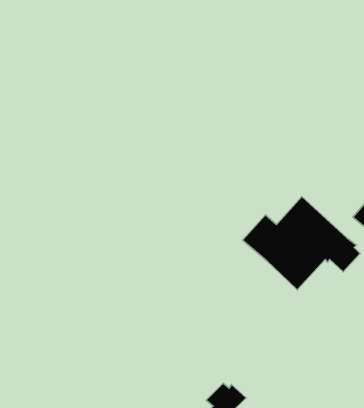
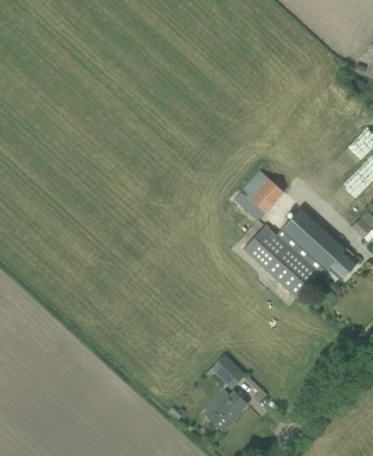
building: none -> [233,169,284,221]
building: none -> [210,355,245,390]

